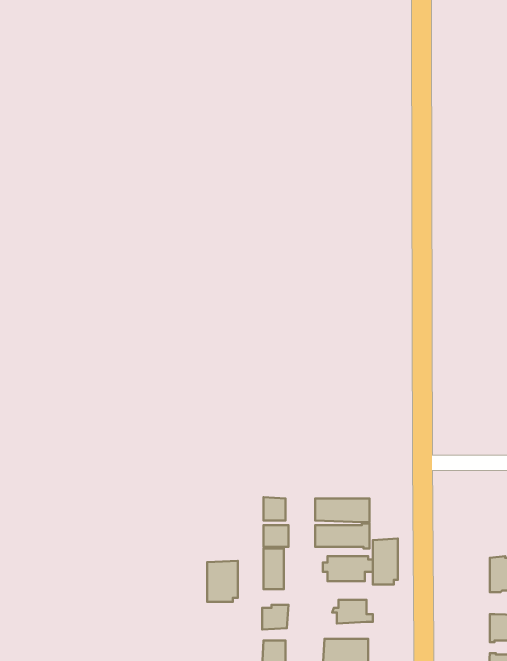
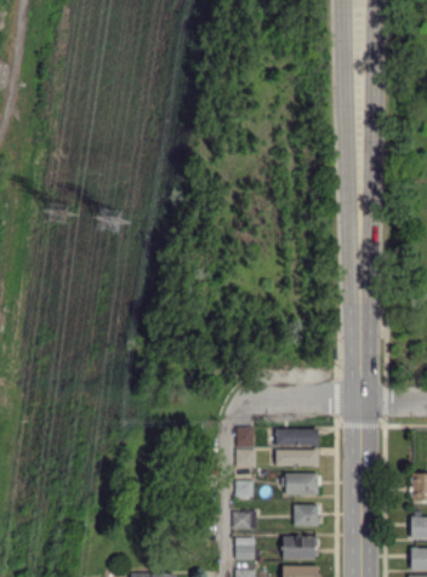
building: [373,538,398,585] -> none
building: [207,561,238,602] -> none

